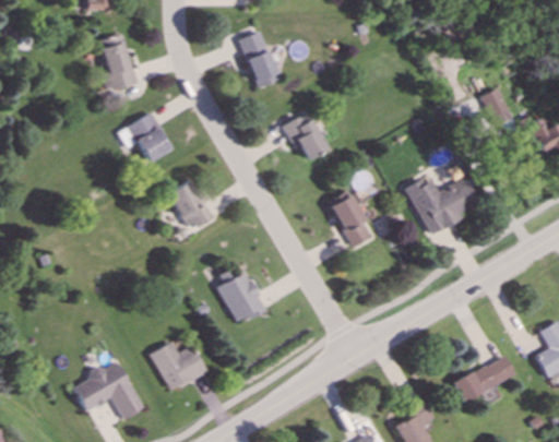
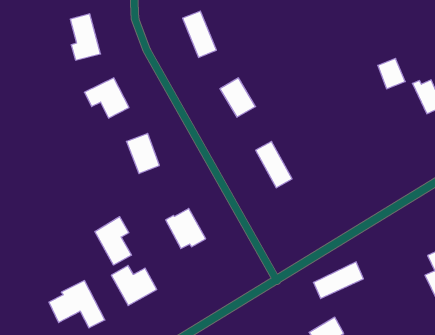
building: [405,176,477,235] -> none
building: none -> [95,217,131,265]
building: [453,356,514,401] -> [313,262,363,299]

